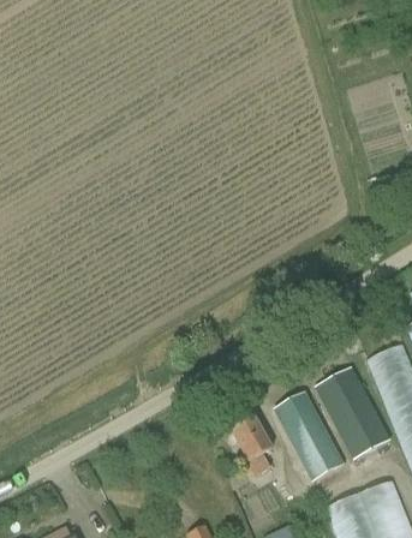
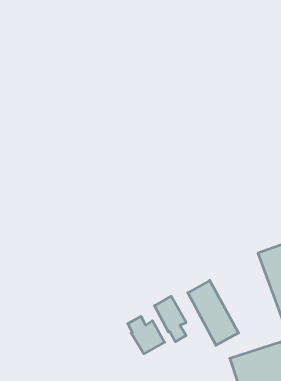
building: [312,366,389,459] -> none
building: none -> [128,316,165,354]

